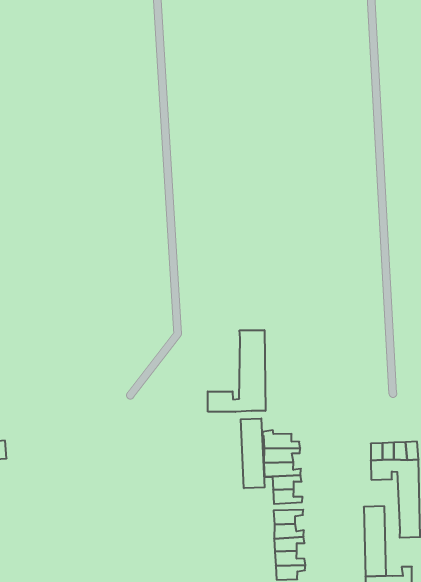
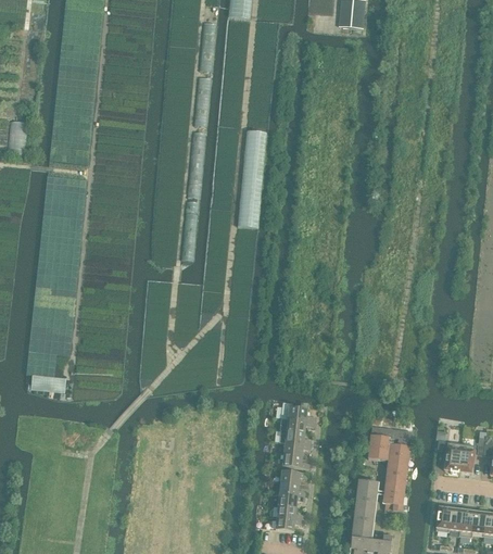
building: [208,330,265,412] -> none
building: [241,418,265,488] -> none

